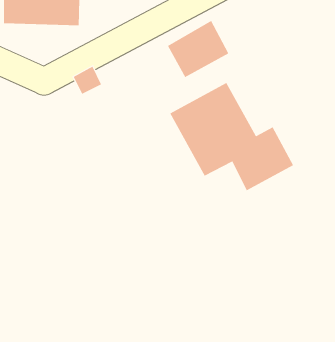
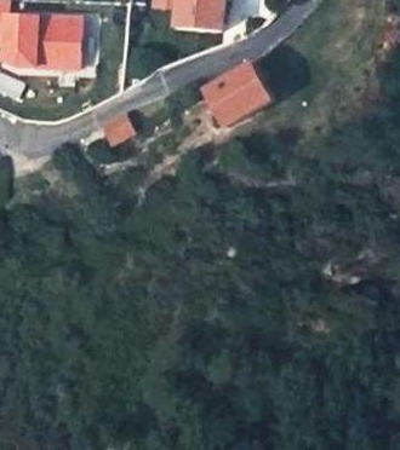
building: [170,82,294,191] -> none

